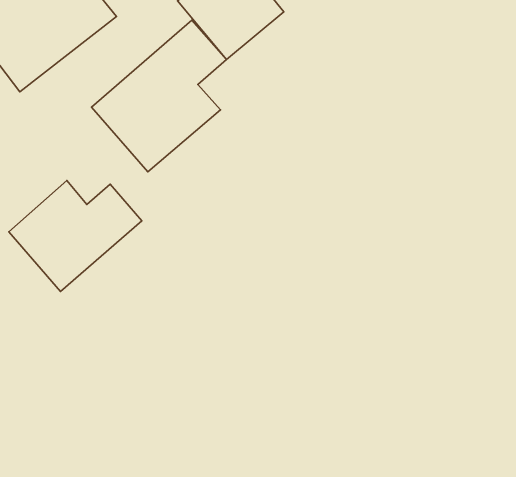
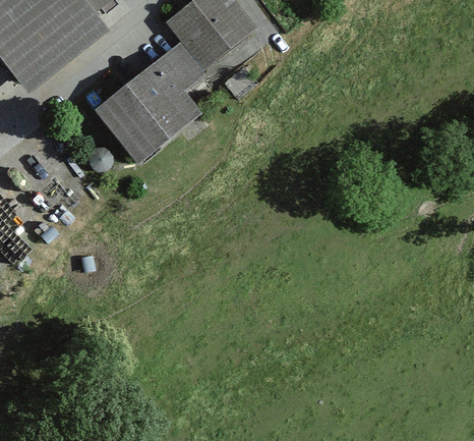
building: [9,180,142,292] -> none

